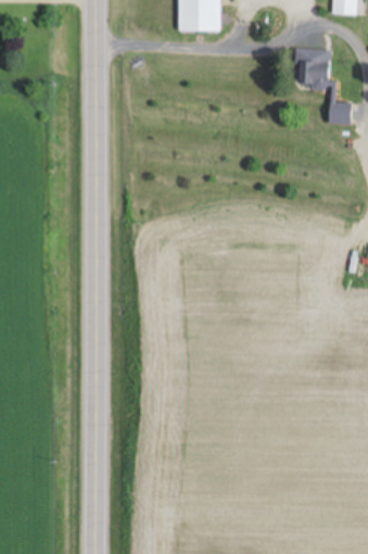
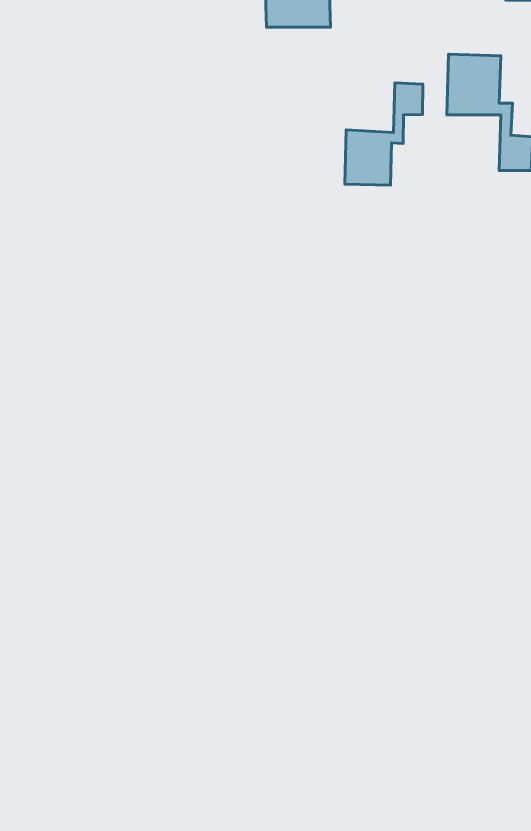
building: none -> [345,83,423,185]

